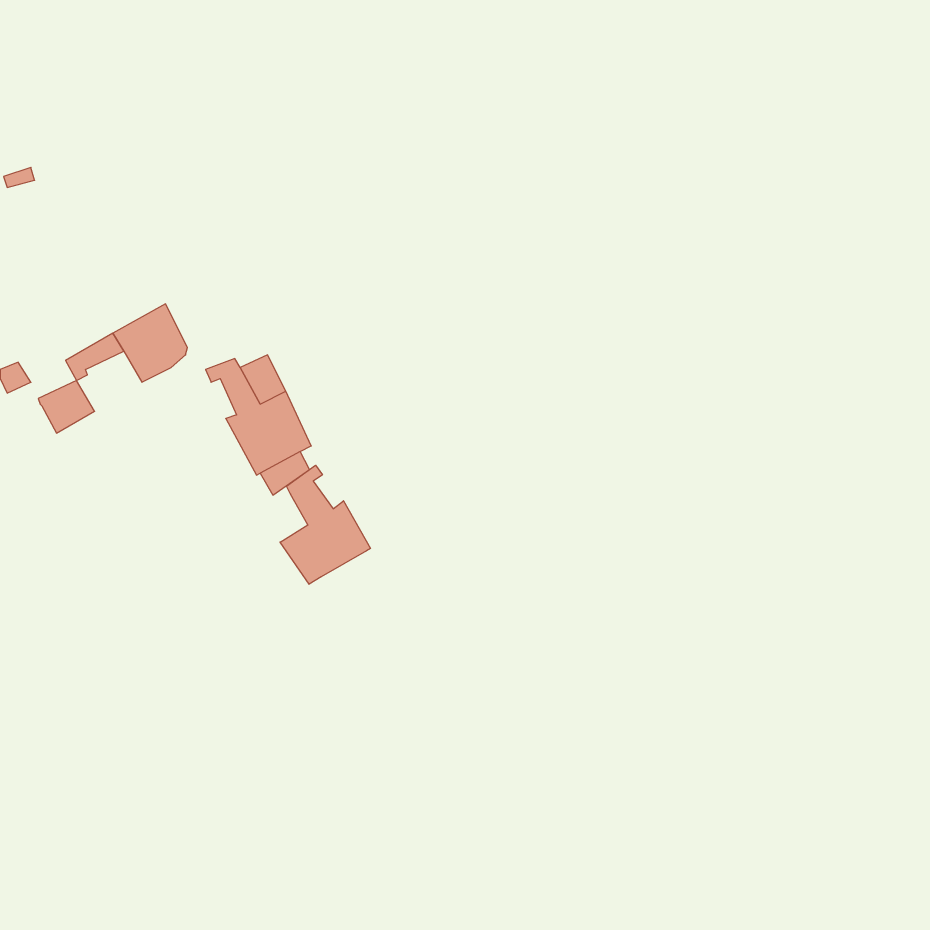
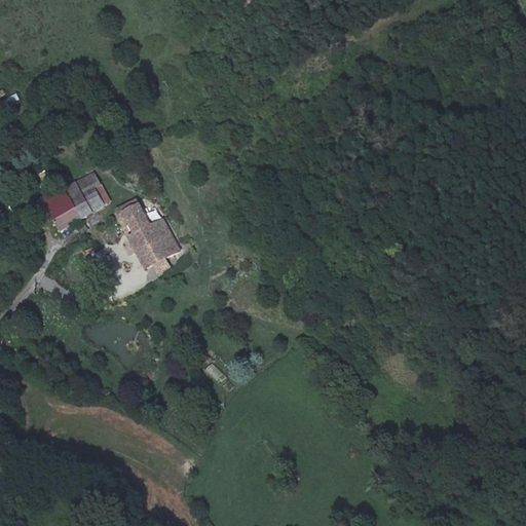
building: [38,380,95,433] -> [48,198,80,228]
building: [280,465,370,584] -> none

